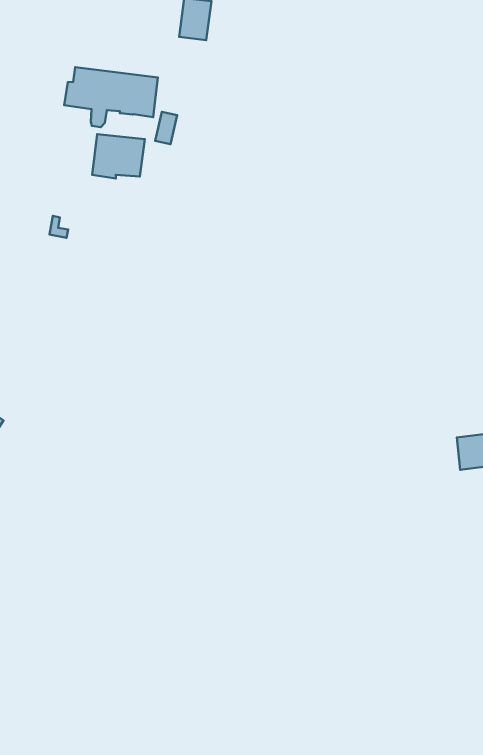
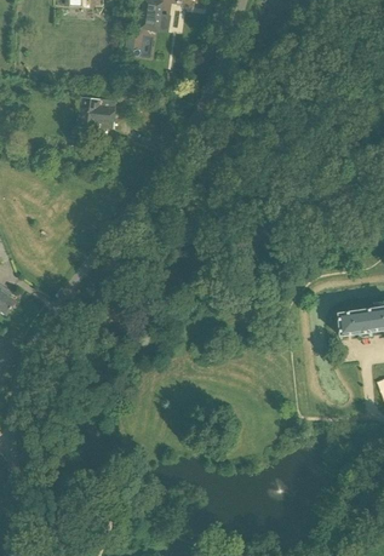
building: [64,67,158,127] -> none

